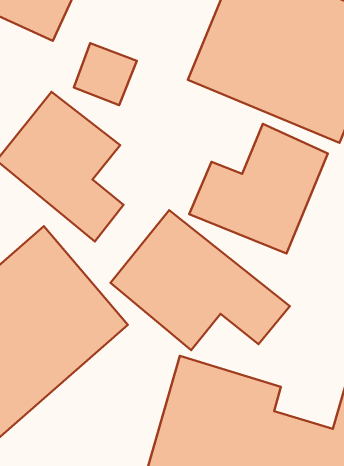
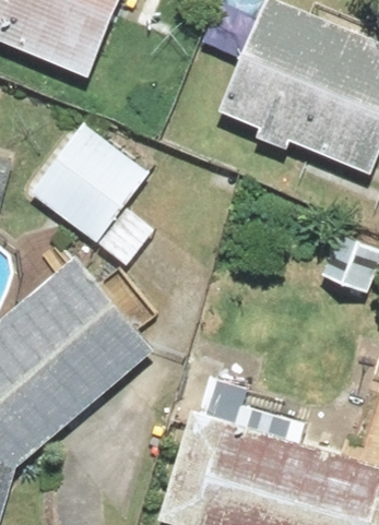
building: [189,124,328,253] -> none
building: [111,210,290,350] -> none

